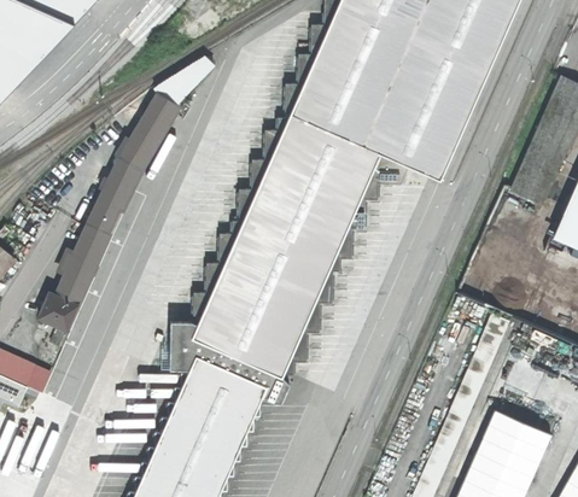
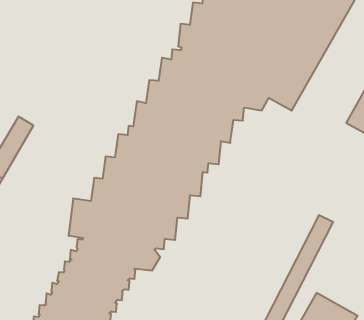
building: [91,93,177,232] -> none

